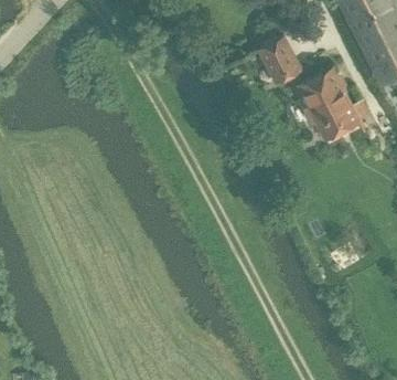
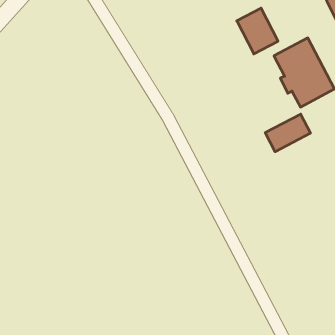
building: none -> [265,114,310,152]

